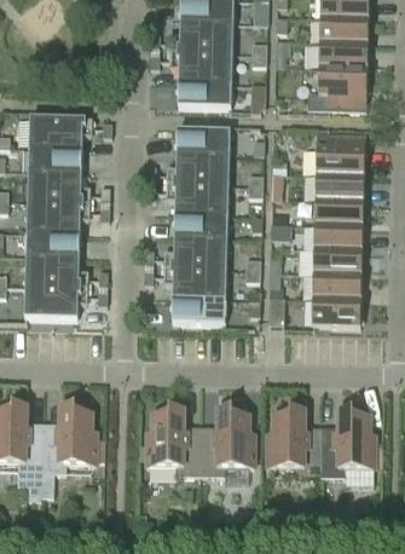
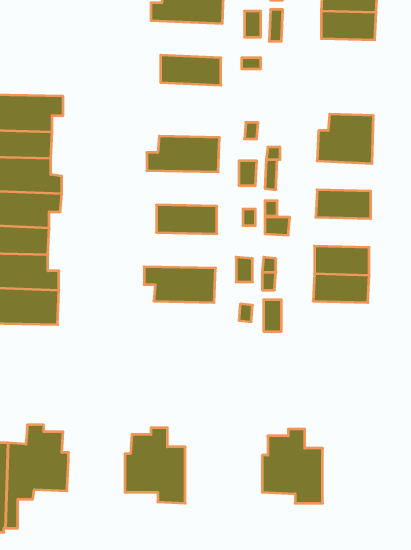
building: [169,50,232,82] -> none
building: [318,65,366,109] -> none
building: [177,127,230,152] -> none
building: [316,173,364,200] -> none
building: [166,181,228,213] -> none
building: [313,223,363,249] -> none
building: [163,236,227,267] -> none
building: [172,296,225,322] -> none
building: [312,296,360,325] -> none
building: [199,408,254,474] -> none
building: [320,409,375,475] -> none

